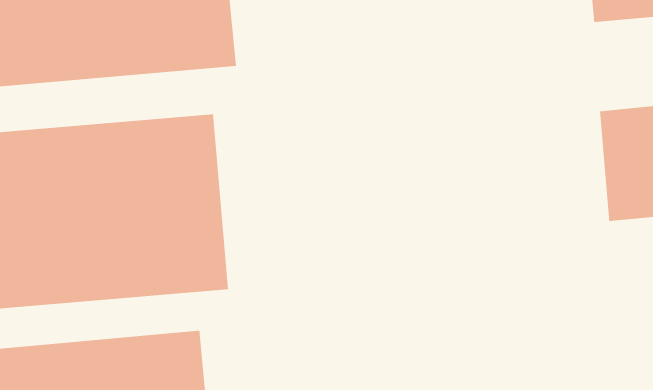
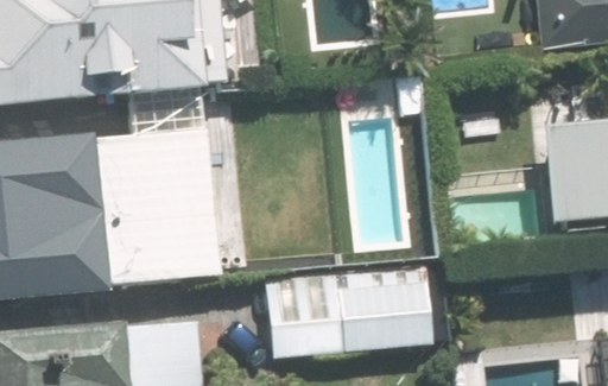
building: none -> [265,266,441,356]

